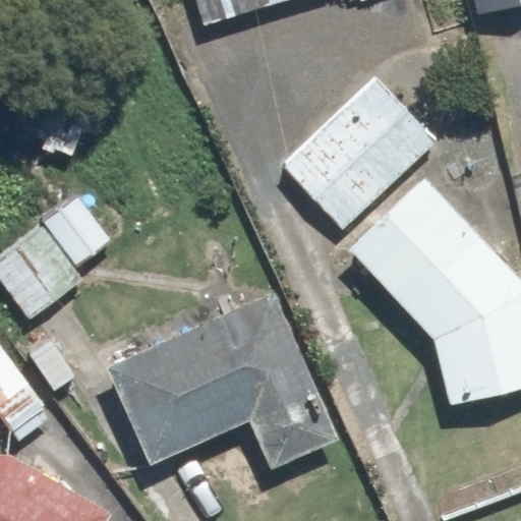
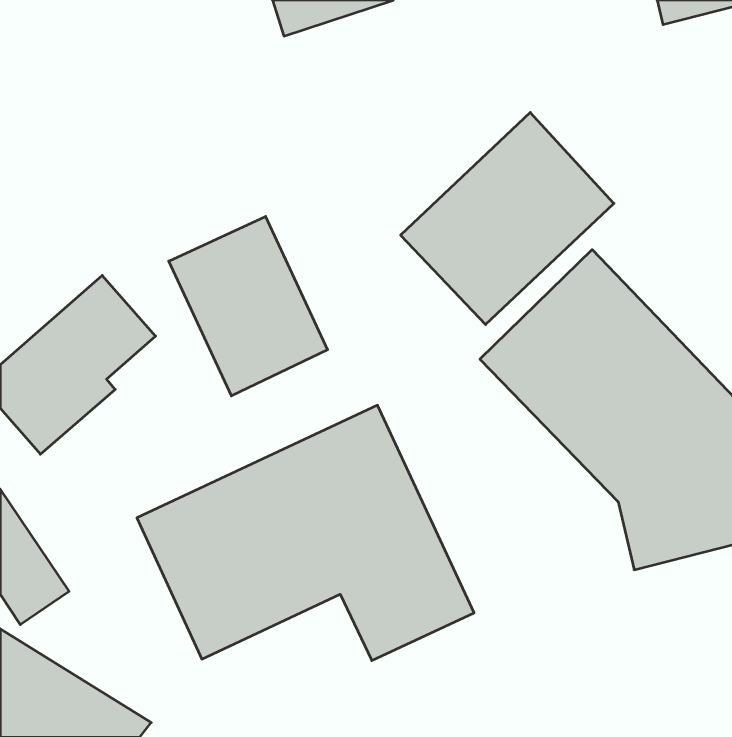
building: none -> [169,216,328,396]

